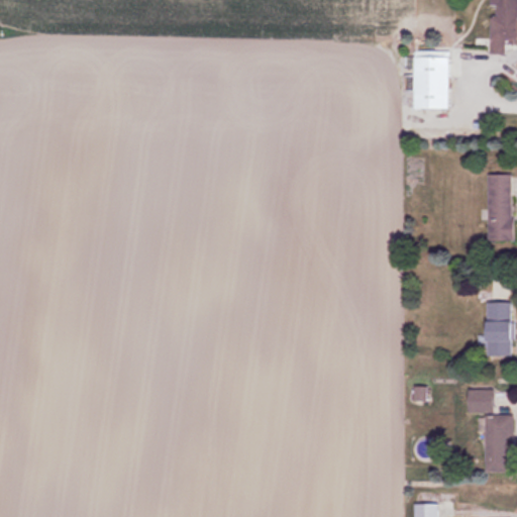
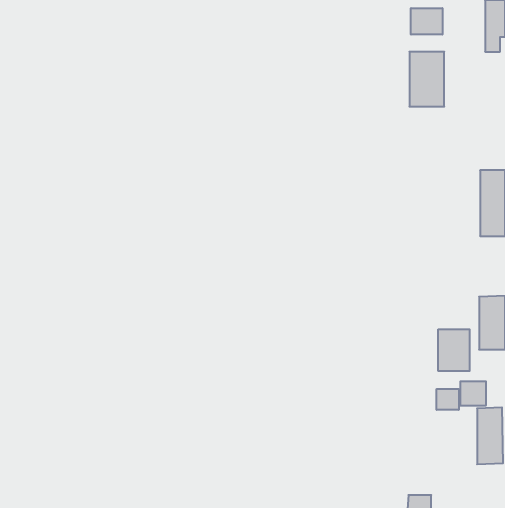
building: none -> [411,8,442,35]
building: none -> [438,329,470,371]
building: none -> [437,389,459,410]

